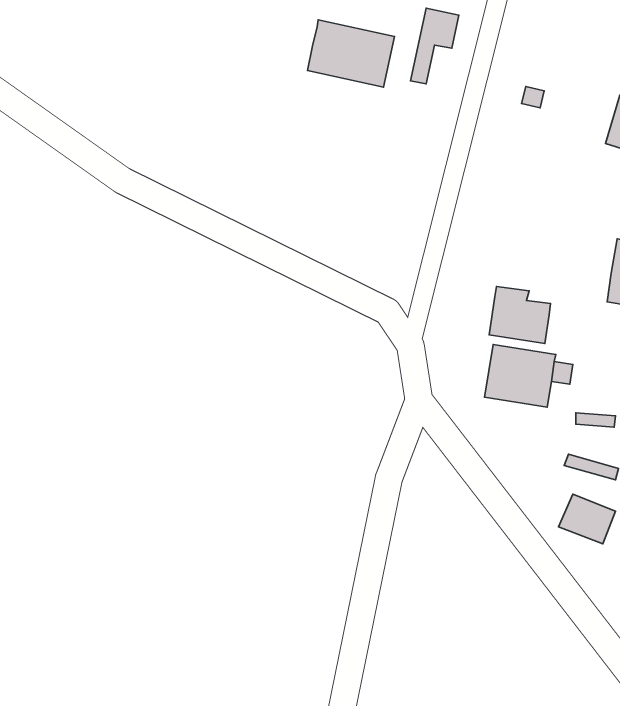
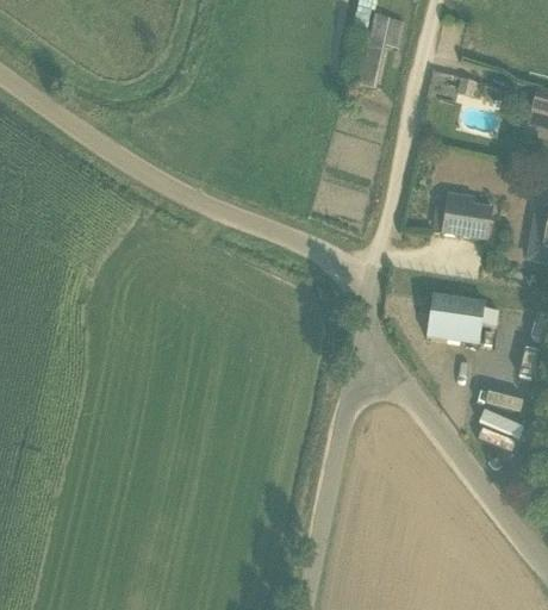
building: [307,20,394,87] -> none
building: [489,286,551,343] -> [441,191,492,238]

